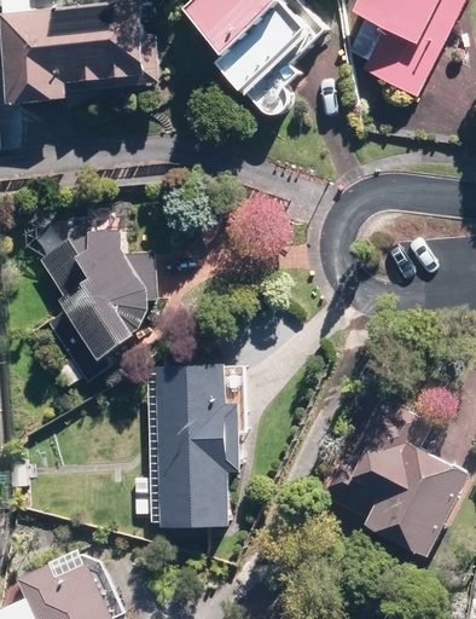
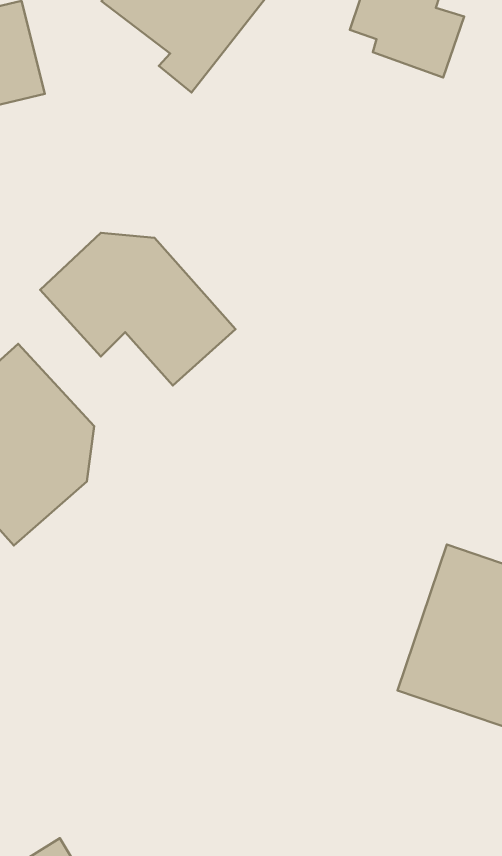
building: none -> [40,233,235,386]
building: [162,369,230,520] -> none

